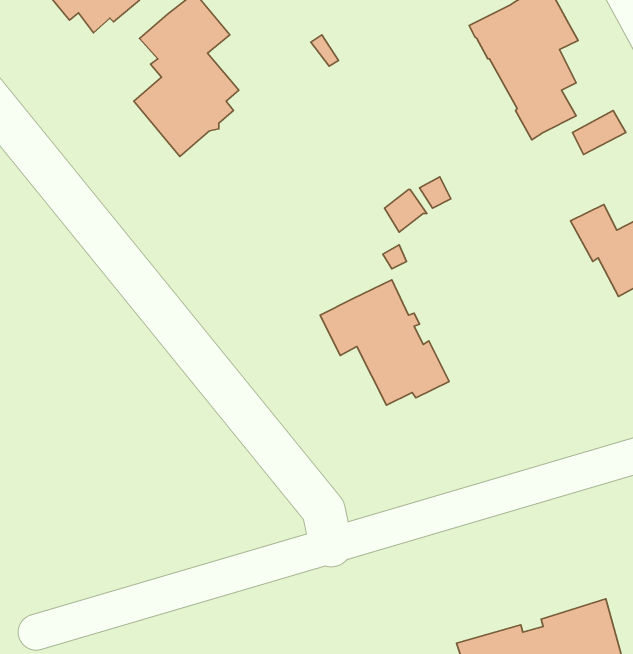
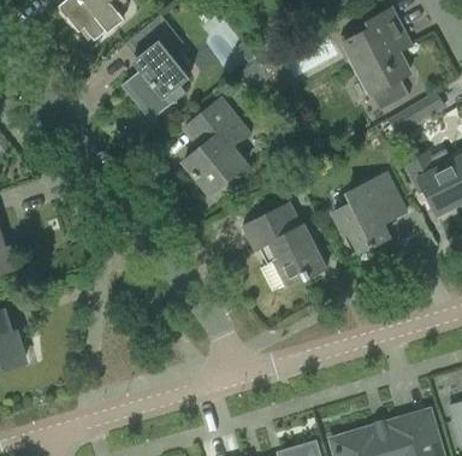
building: none -> [183,99,247,194]
building: none -> [332,173,405,251]

